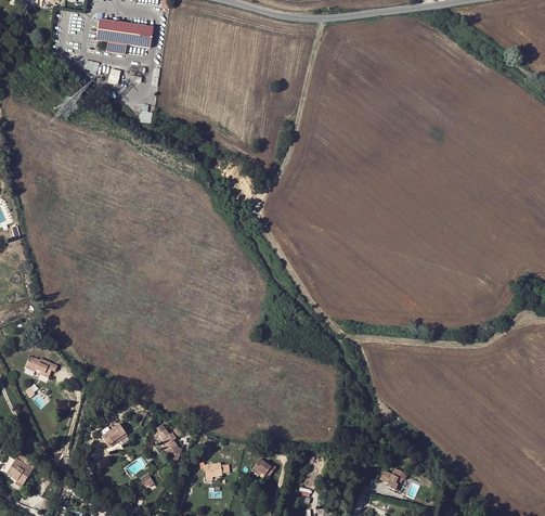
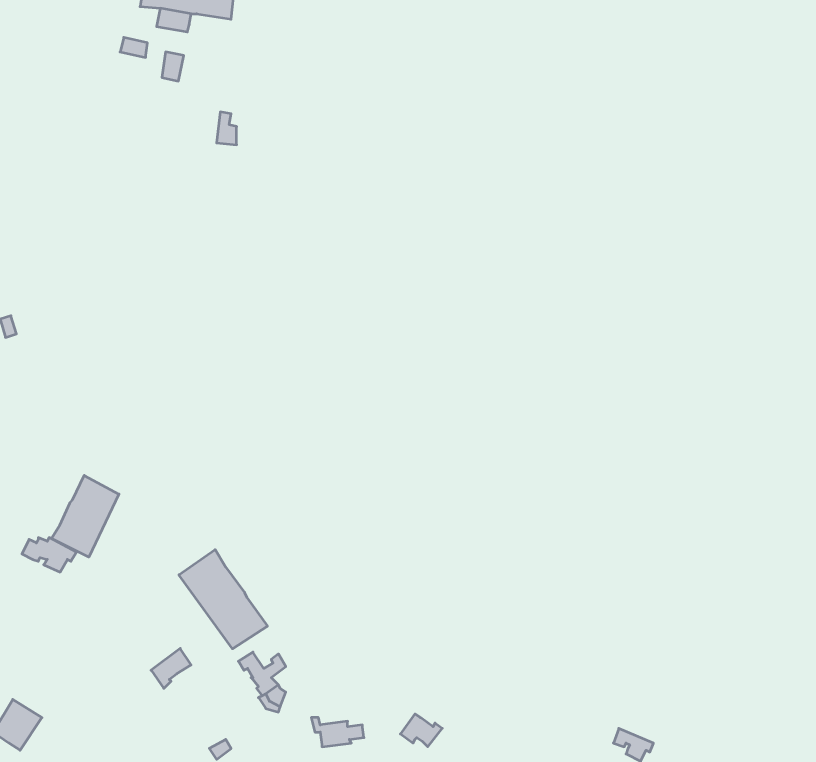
building: none -> [52,475,119,557]
building: none -> [179,550,267,649]

